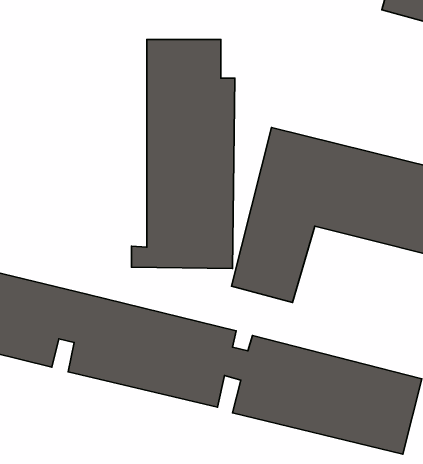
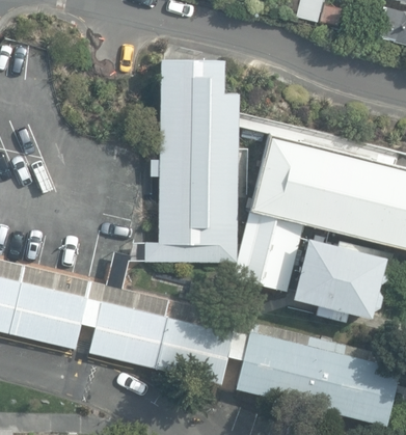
building: none -> [293,239,390,321]

